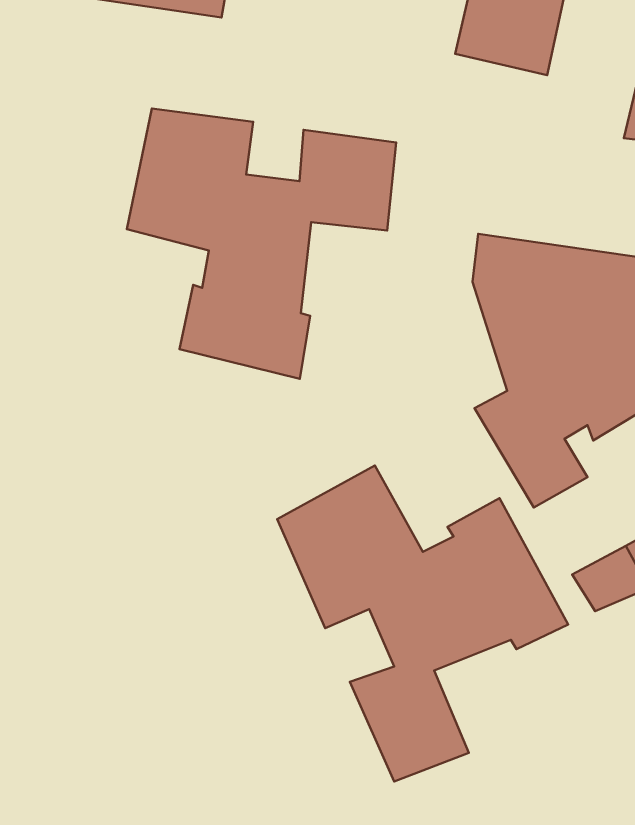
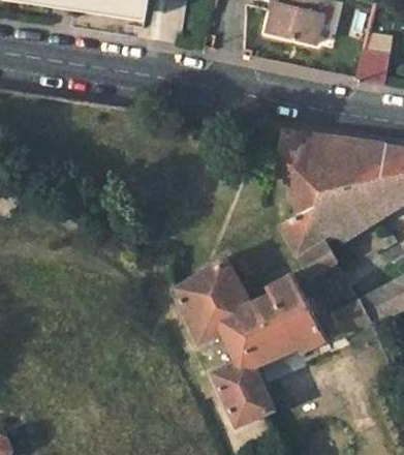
building: [127,108,396,379] -> none

